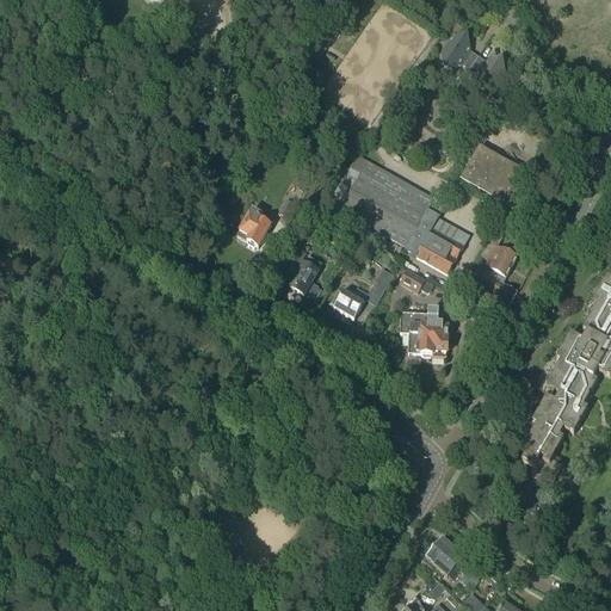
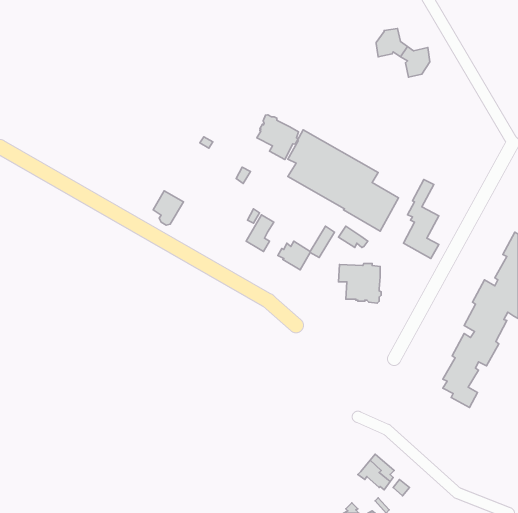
building: none -> [257,115,299,159]
building: [459,143,526,206] -> none
building: [237,205,273,246] -> [153,191,183,225]

